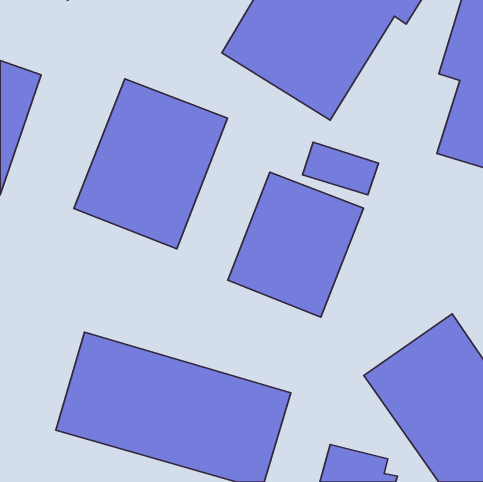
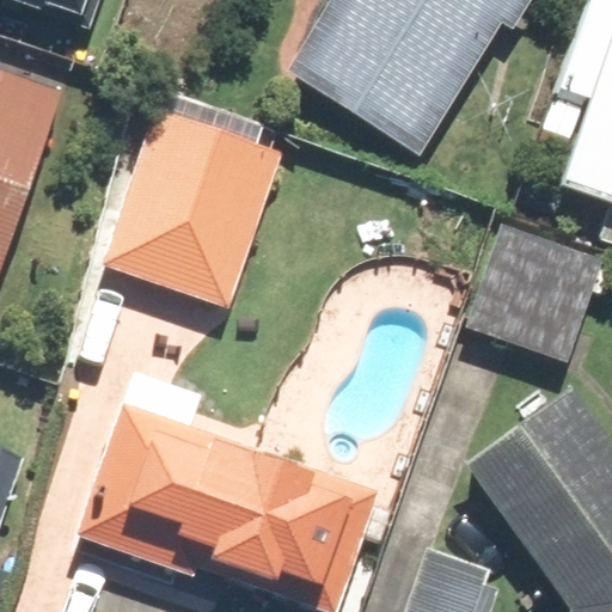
building: [228,172,363,317] -> none
building: none -> [464,220,606,362]

